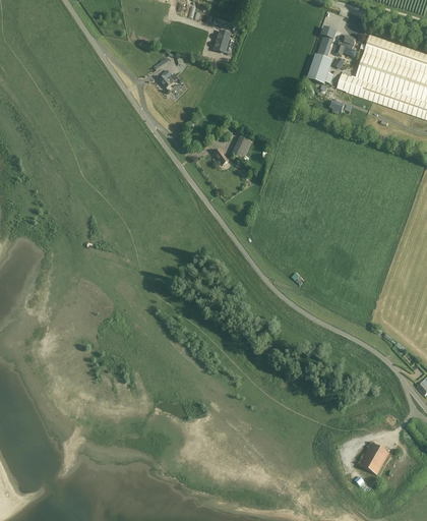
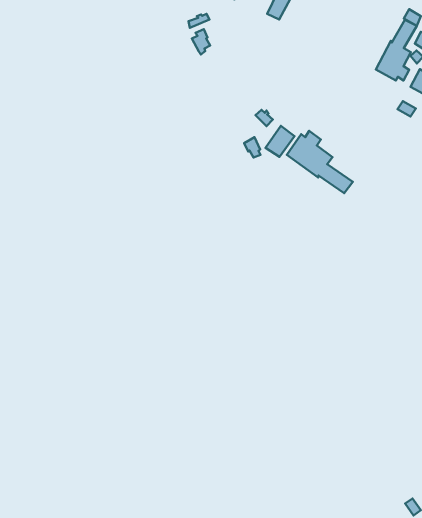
building: none -> [287,131,353,193]

